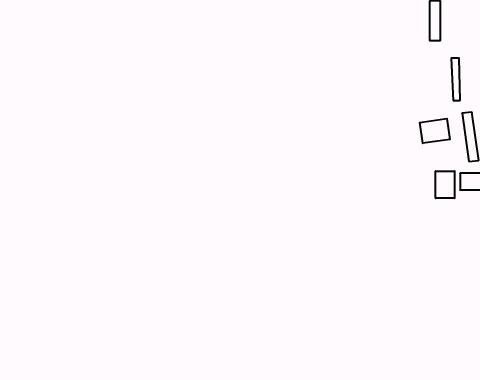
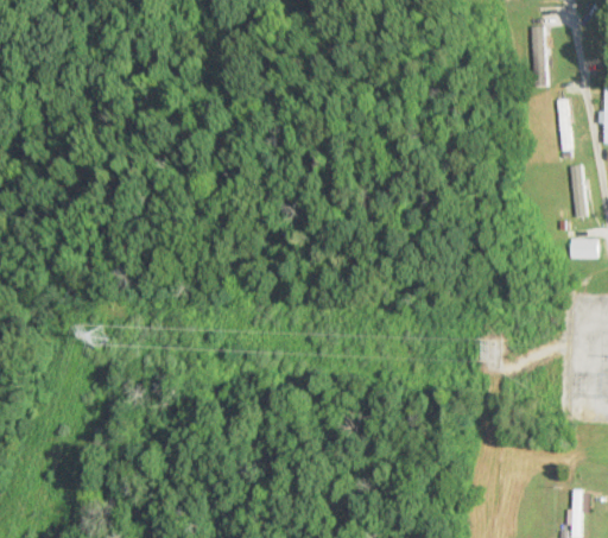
building: [420,119,450,143] -> none
building: [436,171,455,198] -> none

